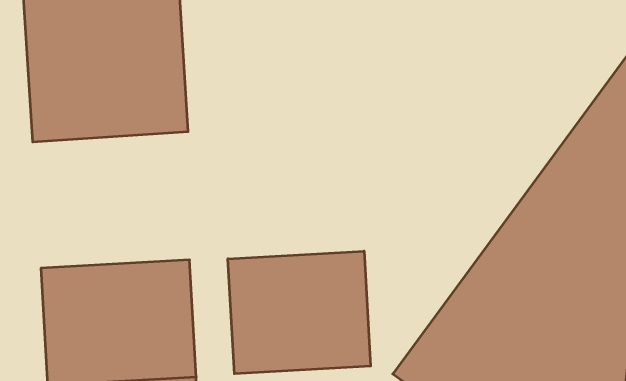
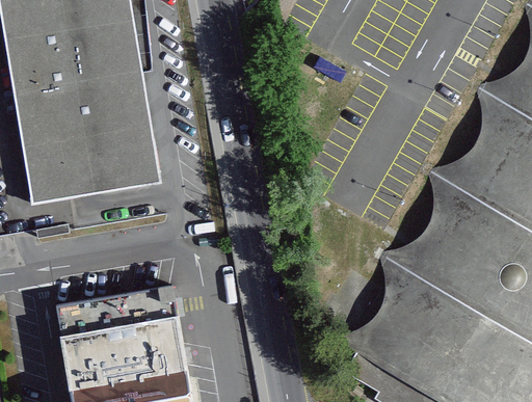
building: [228,251,371,374] -> none

